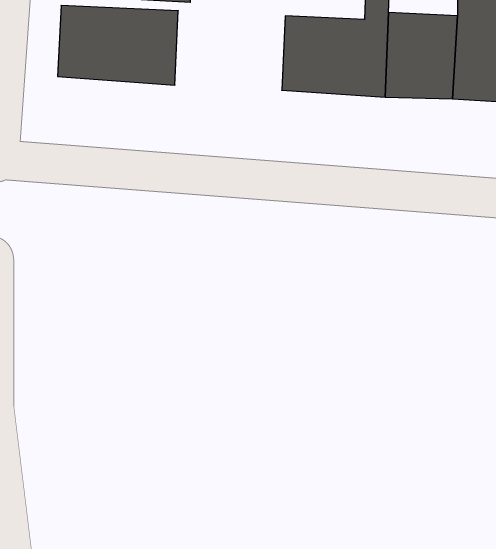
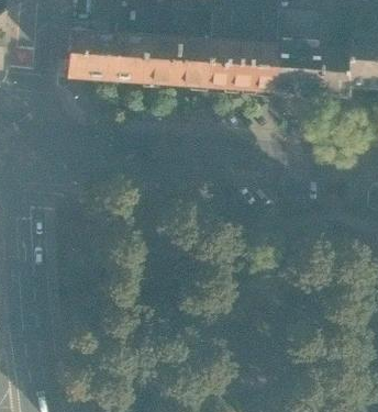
building: none -> [137,35,208,86]

